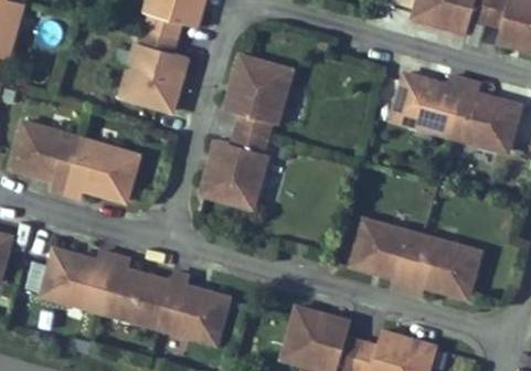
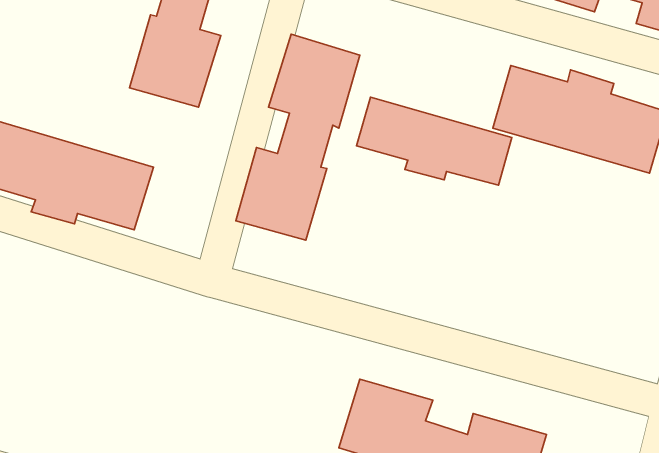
building: none -> [357,97,512,185]
building: [349,222,478,301] -> none
building: [39,244,226,340] -> none

